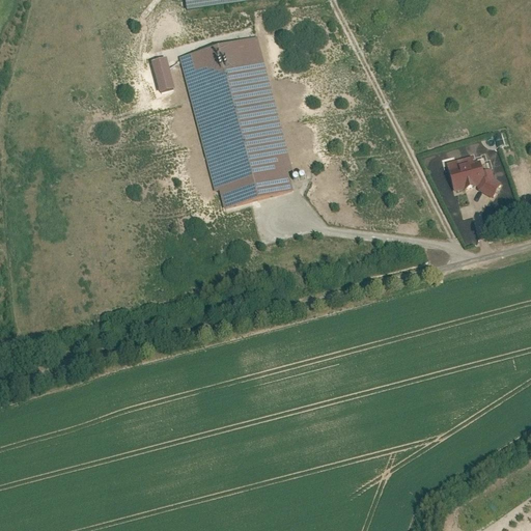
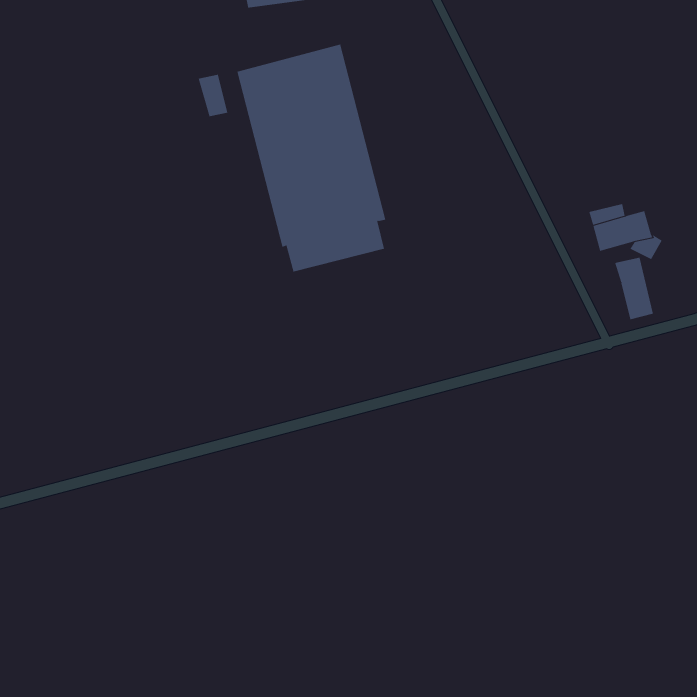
building: none -> [615,257,654,320]

